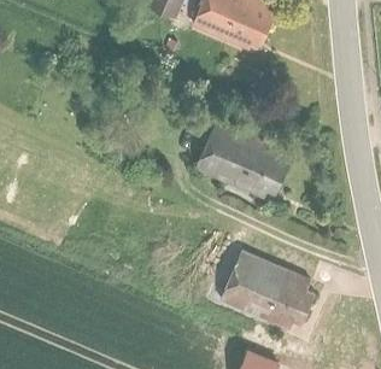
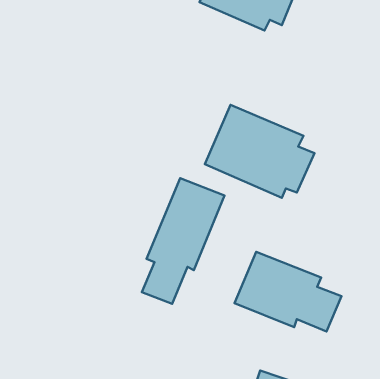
building: none -> [142,178,224,304]

